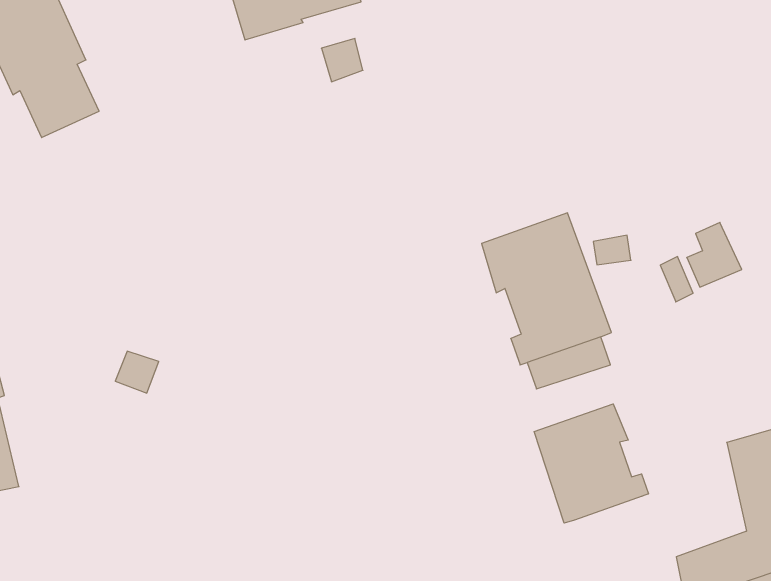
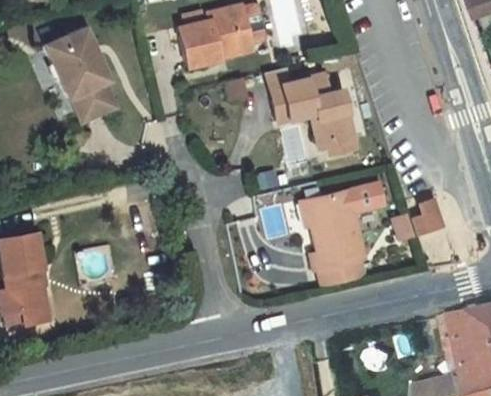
building: none -> [268,68,356,156]
building: [534,404,648,523] -> none

